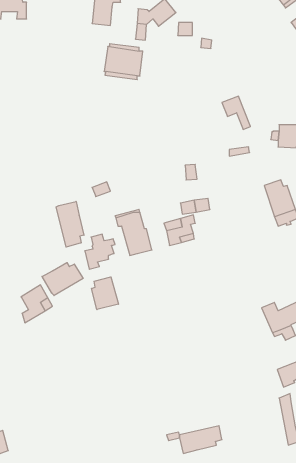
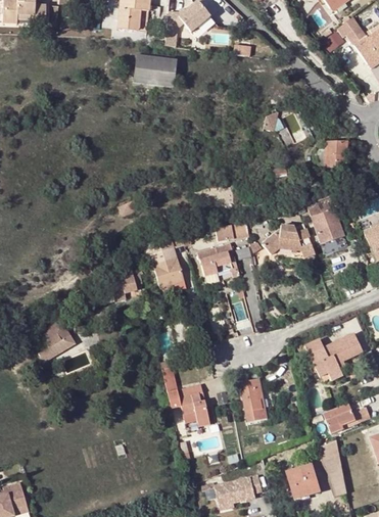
building: none -> [262,223,314,257]
building: [56,201,84,247] -> none
building: [42,263,83,296] -> none
building: [92,277,118,310] -> none
building: none -> [239,379,267,422]
building: none -> [167,384,209,426]
building: none -> [285,464,320,496]

